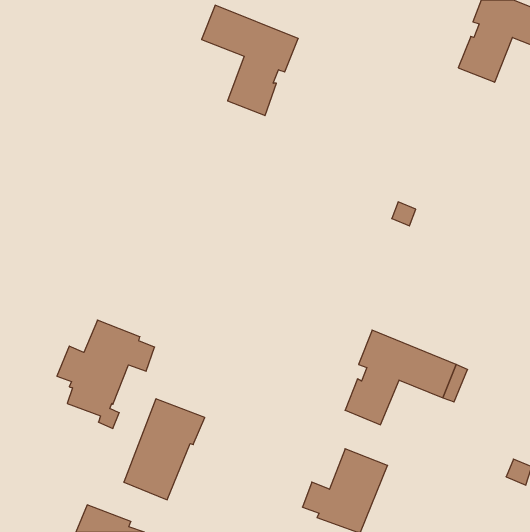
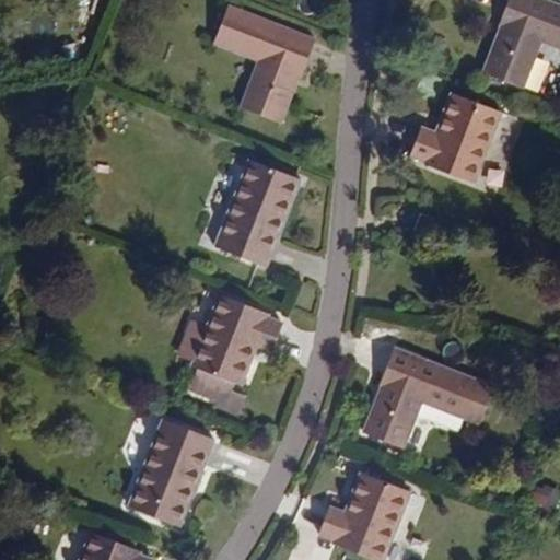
building: none -> [409,93,498,183]
building: none -> [217,160,298,266]
building: [57,320,155,428] -> [179,294,282,408]

